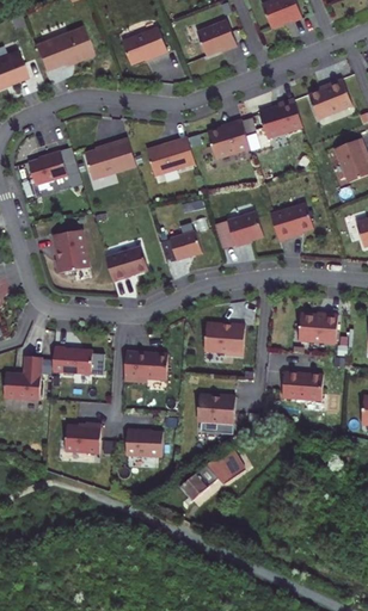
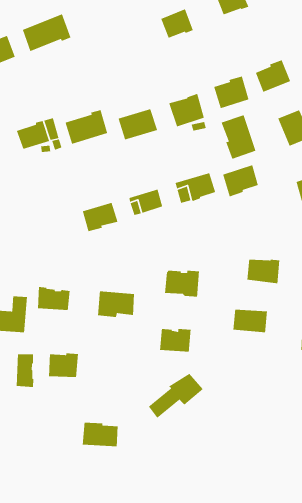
building: [122,27,167,64] -> none
building: none -> [220,114,256,160]
building: [51,229,88,266] -> none
building: none -> [16,354,34,388]
building: [125,427,168,457] -> [82,422,119,447]

